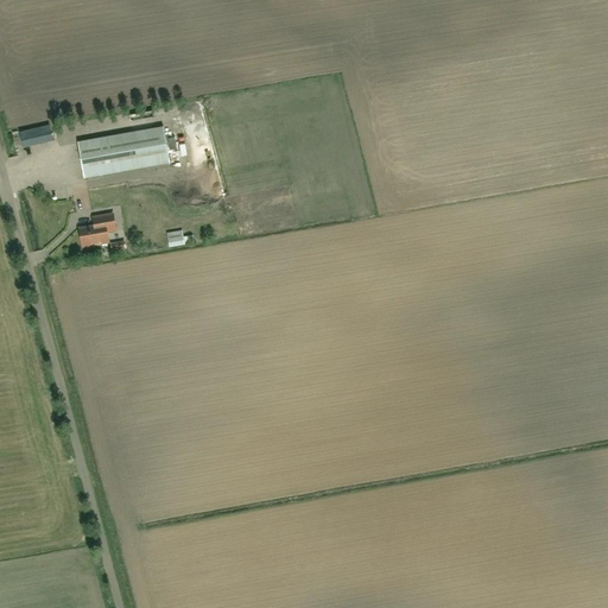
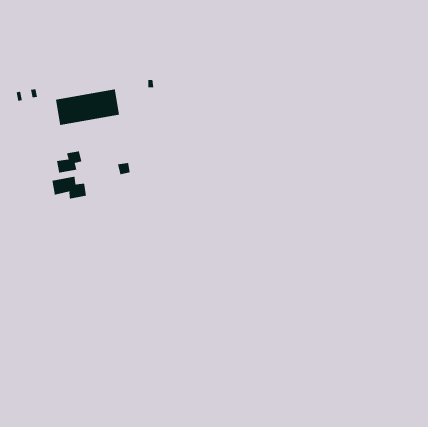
building: none -> [52,176,86,199]

